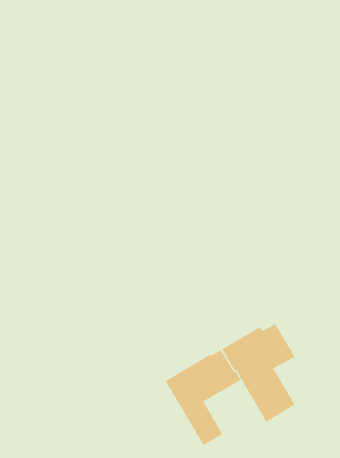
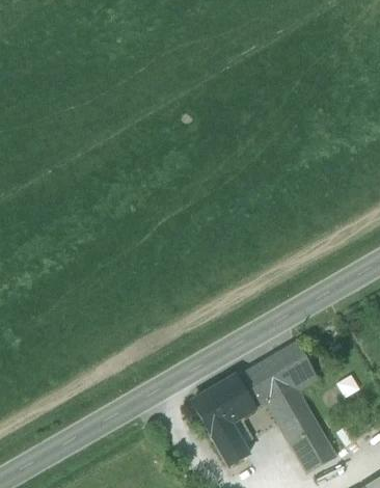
building: none -> [290,426,336,473]

